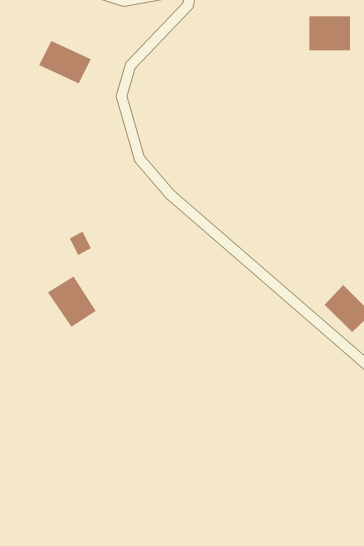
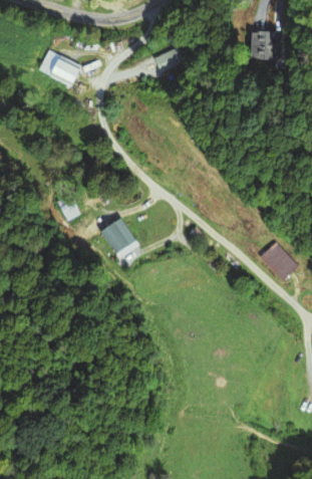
building: none -> [158,47,189,72]
building: [47,275,97,328] -> [100,217,139,258]

